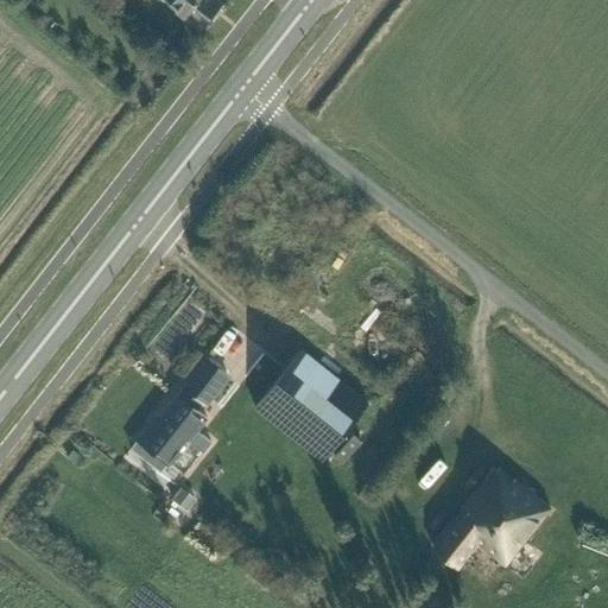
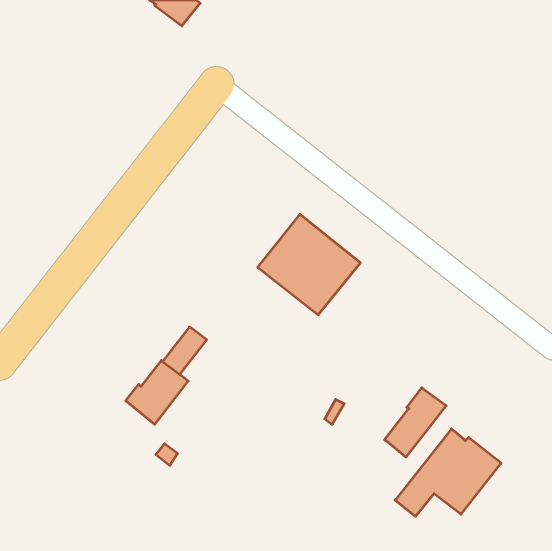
building: [254,352,367,462] -> [258,214,360,315]
building: none -> [385,388,446,457]

